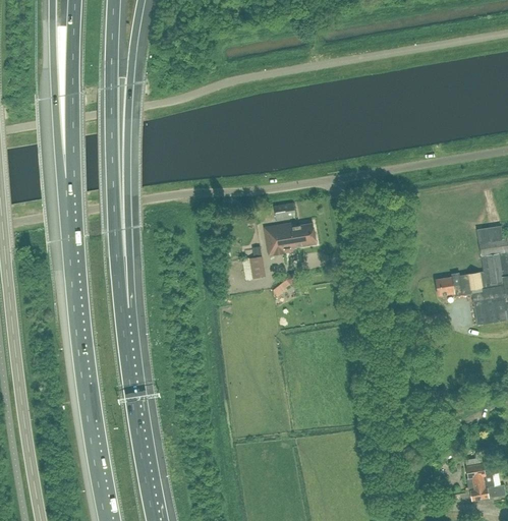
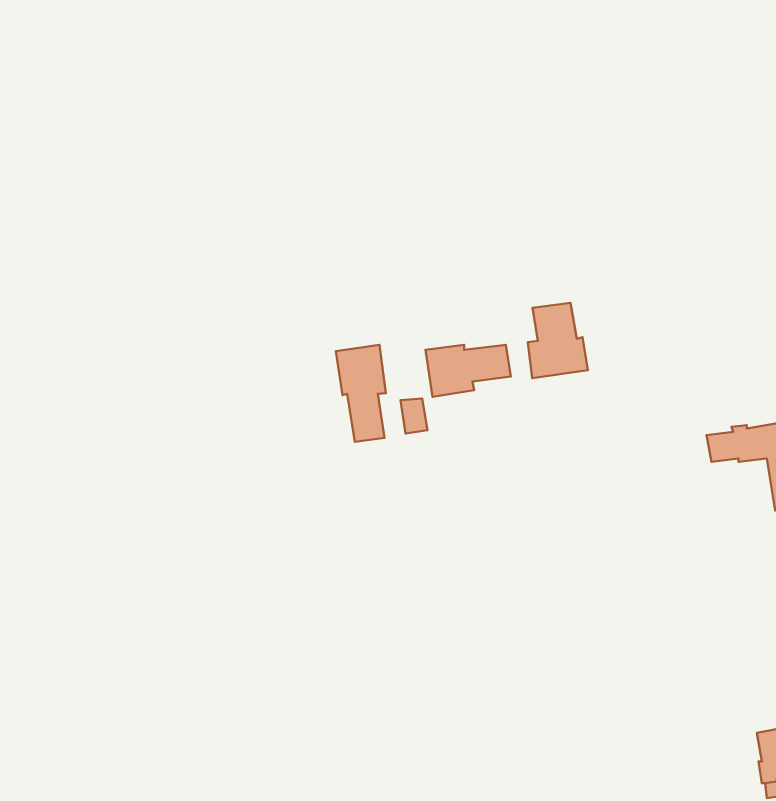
building: none -> [528,303,588,378]
building: none -> [336,345,386,442]

